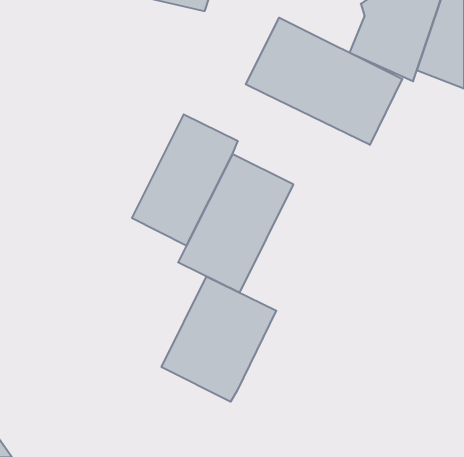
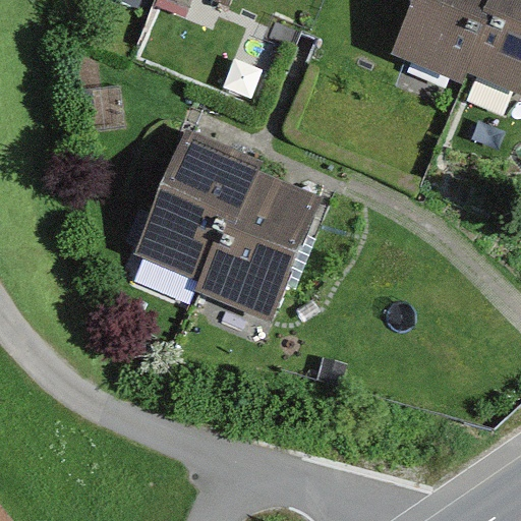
building: [246,18,402,145] -> none
building: [162,276,276,402] -> none

